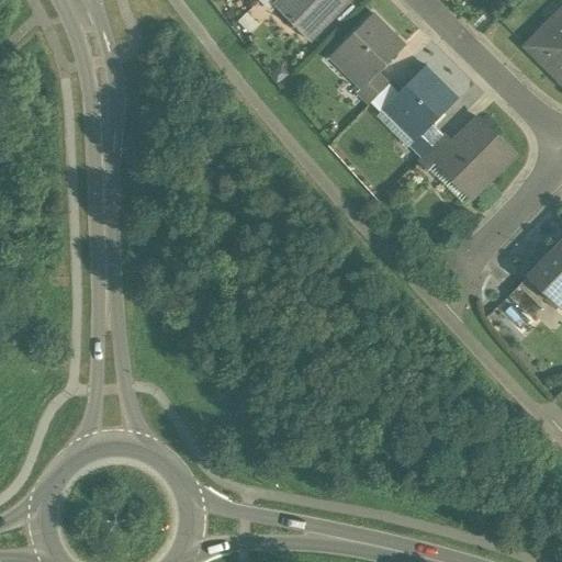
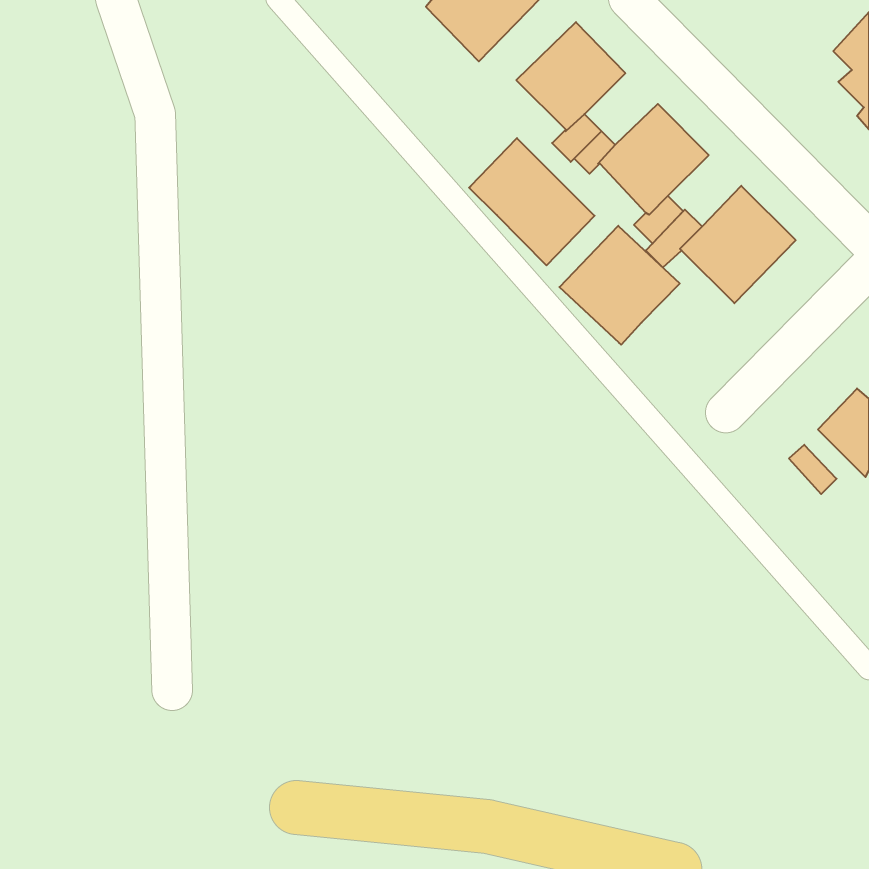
building: none -> [469,138,595,265]
building: none -> [559,226,680,345]

